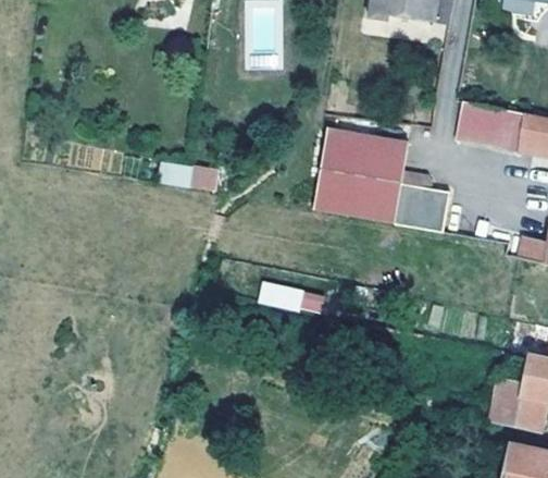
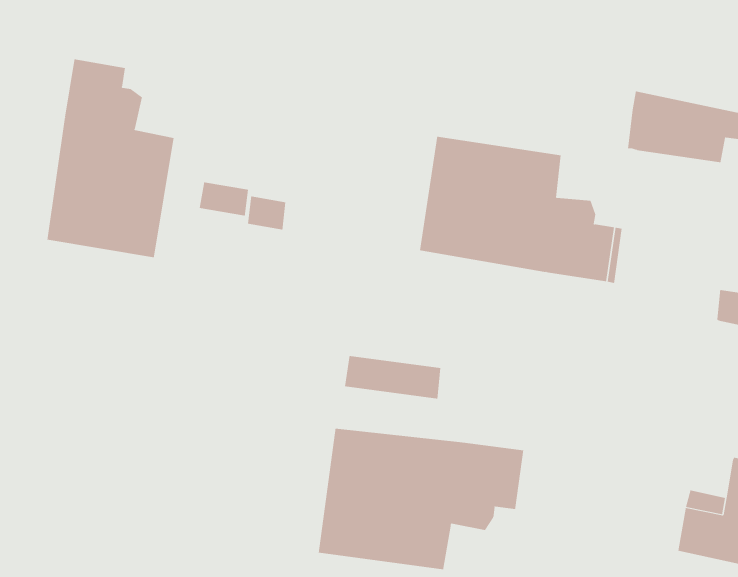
building: none -> [47,58,174,258]
building: none -> [318,428,524,570]

